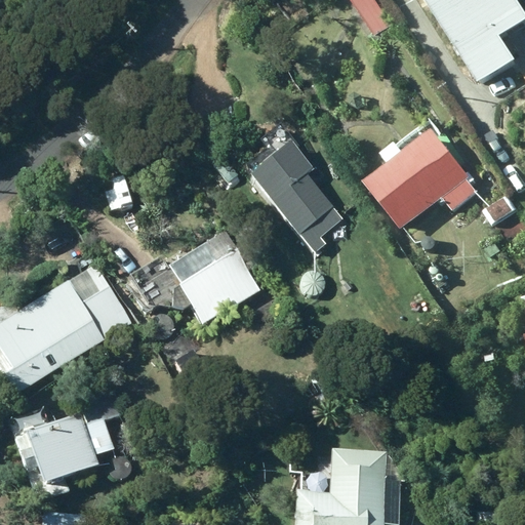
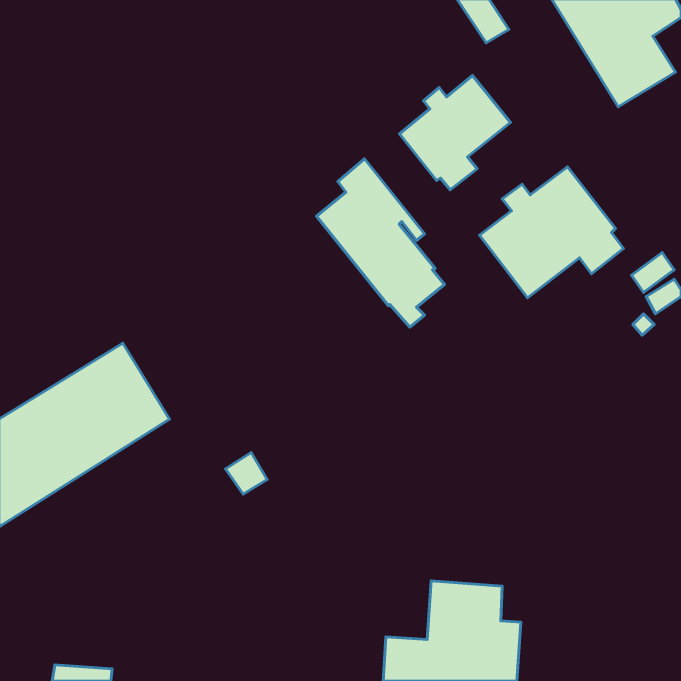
building: none -> [400,75,510,190]
building: [124,228,259,325] -> none
building: [13,390,122,483] -> none

